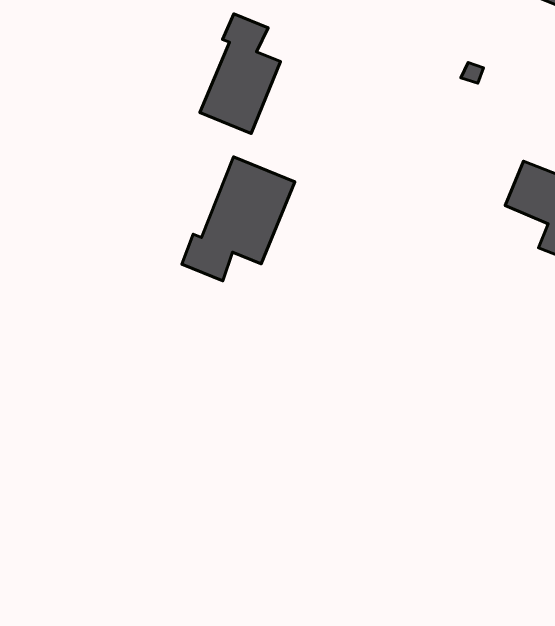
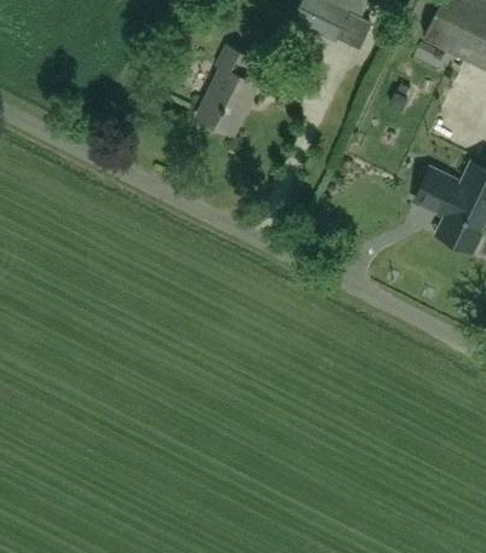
building: [182,157,295,281] -> none

